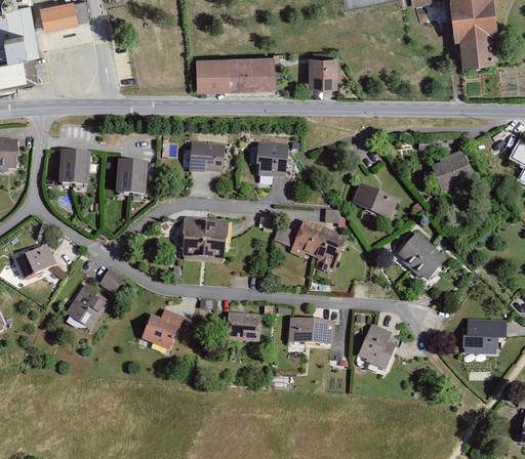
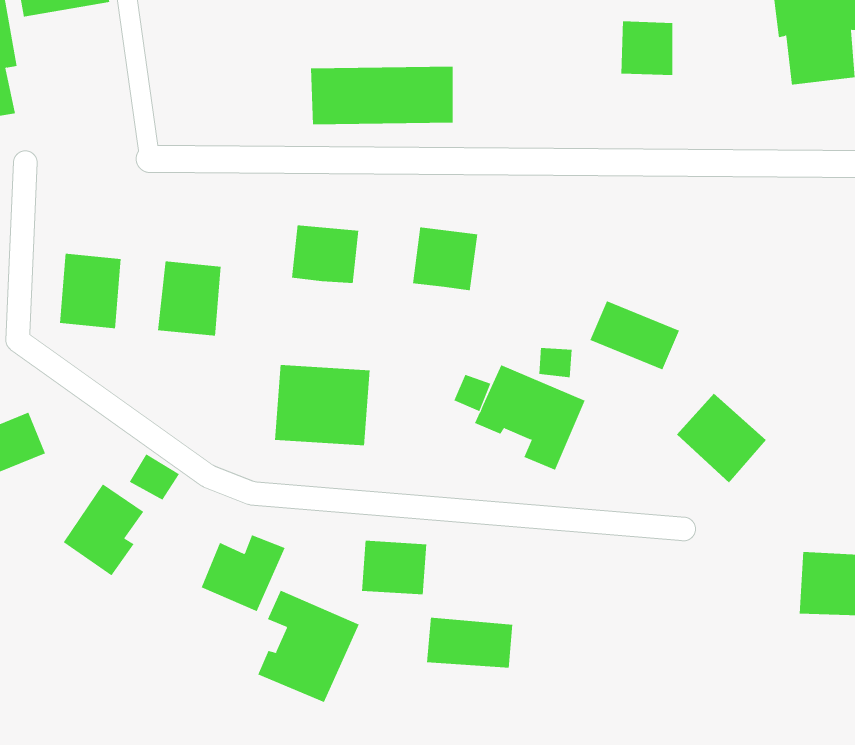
building: [310,54,338,84] -> [620,21,673,76]
building: [430,152,474,193] -> none
building: [287,319,334,346] -> [426,617,513,668]
building: [356,324,396,370] -> none
building: none -> [257,590,359,703]

